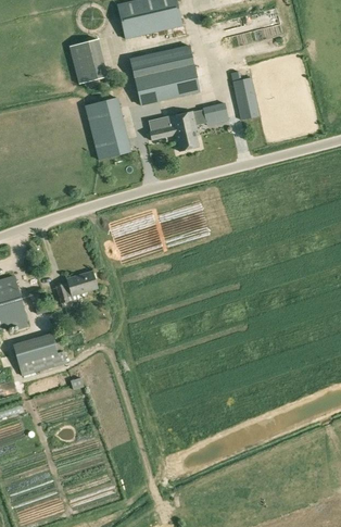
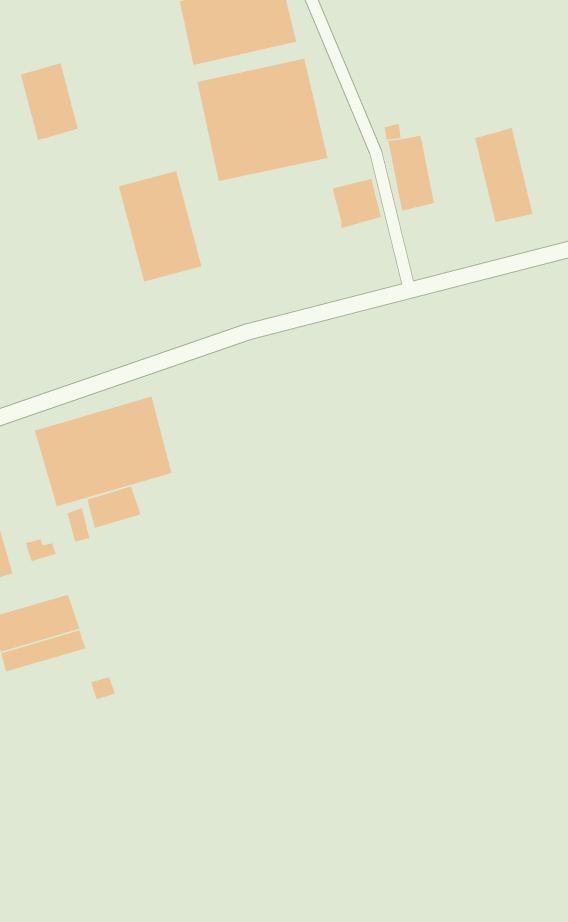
building: [68,39,101,83] -> [20,62,79,141]
building: none -> [474,126,534,223]
building: [149,110,198,150] -> none
building: none -> [34,395,173,507]

